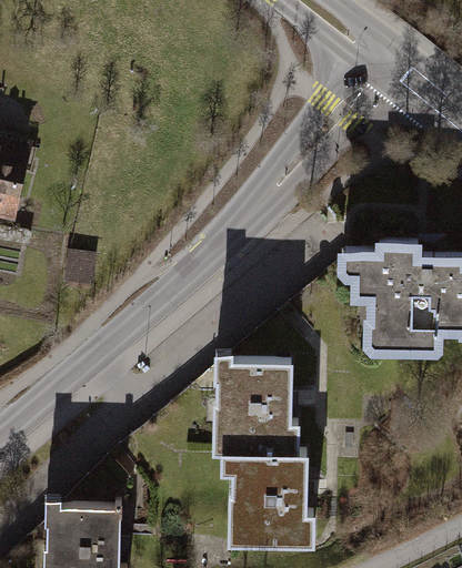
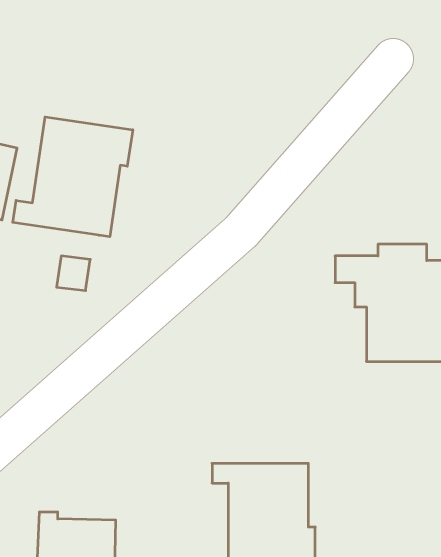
building: none -> [13,117,133,237]
building: [214,356,297,454] -> none

